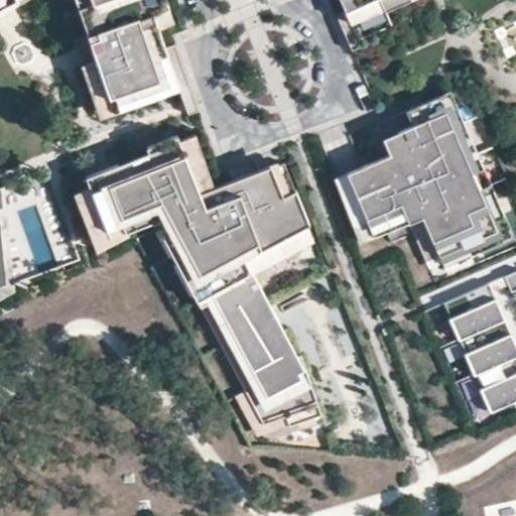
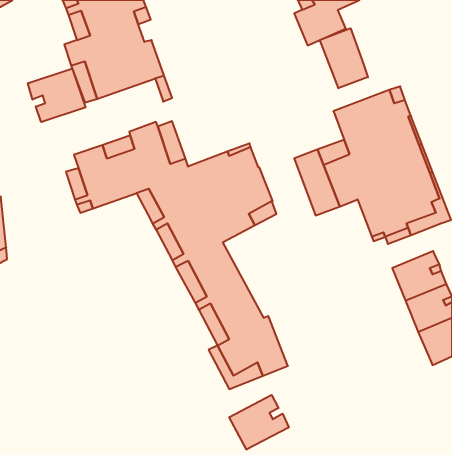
building: none -> [320,28,368,88]
building: none -> [28,68,86,122]
building: none -> [229,395,289,450]

